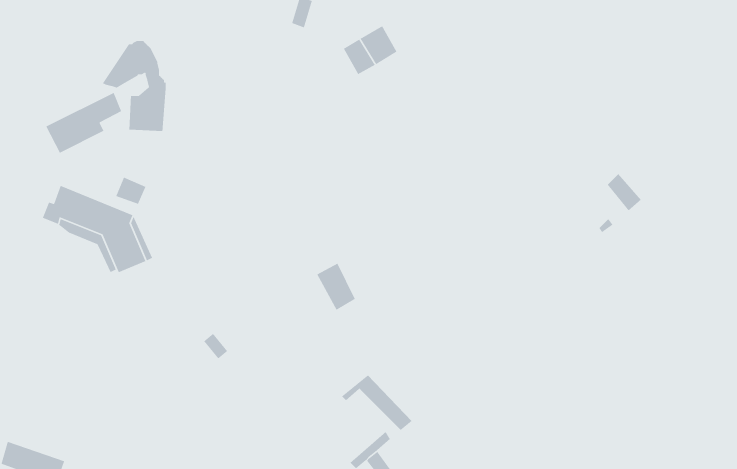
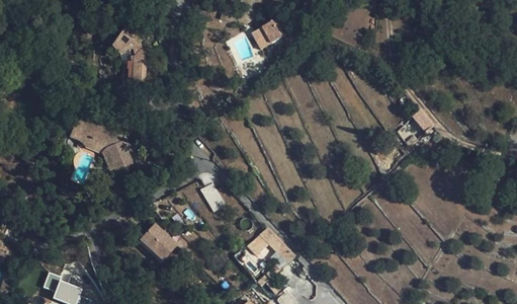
building: [45,92,122,154] -> none
building: [316,263,356,311] -> [199,181,224,211]
building: none -> [139,223,176,260]

